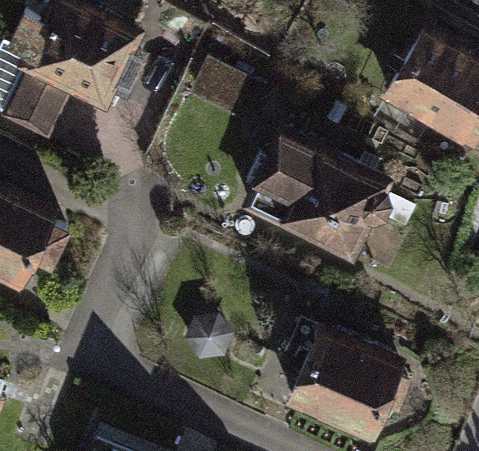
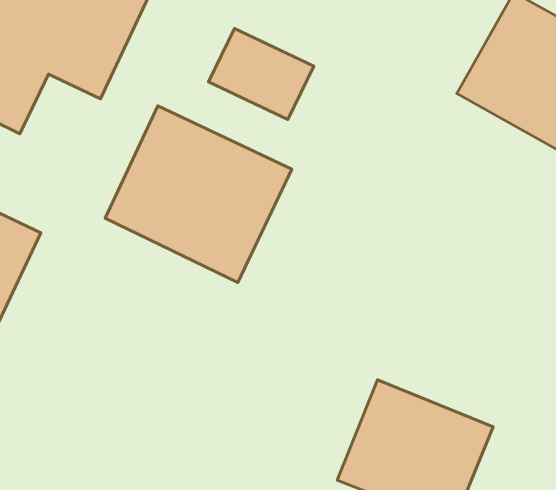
building: none -> [105,106,292,283]
building: [239,126,394,262] -> none

